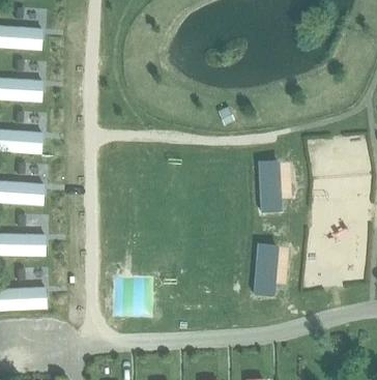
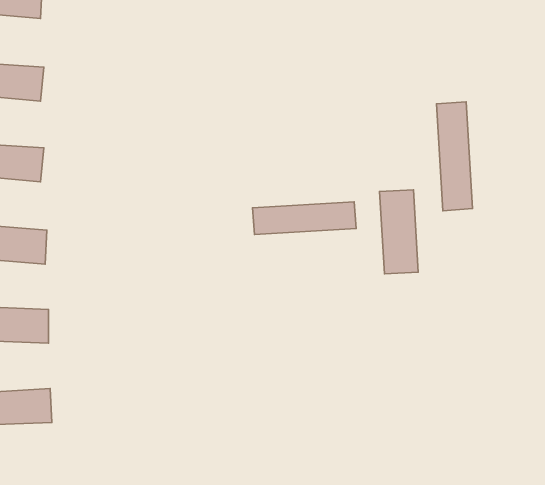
building: none -> [437,102,473,211]
building: none -> [253,202,356,235]
building: [254,242,279,295] -> none

